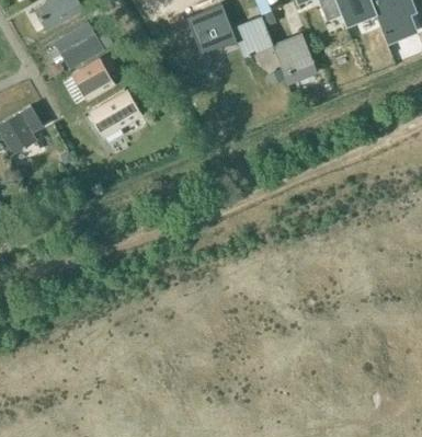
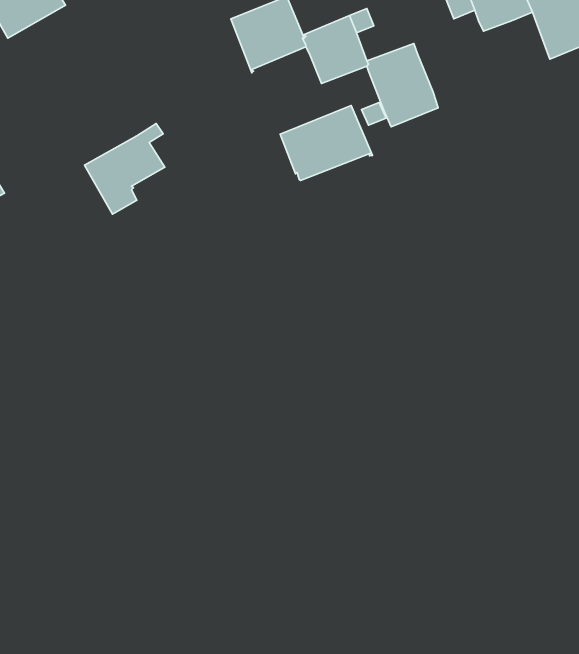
building: [53,24,112,70] -> none
building: [73,57,114,97] -> none
building: none -> [280,106,373,180]

